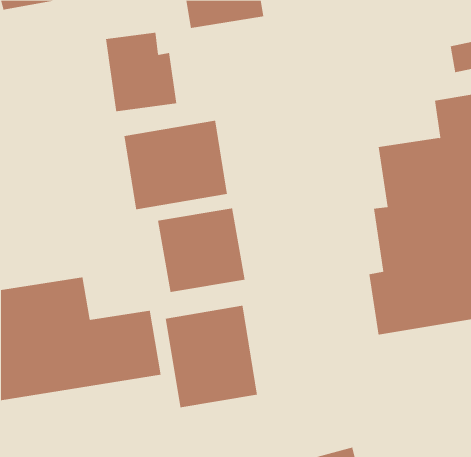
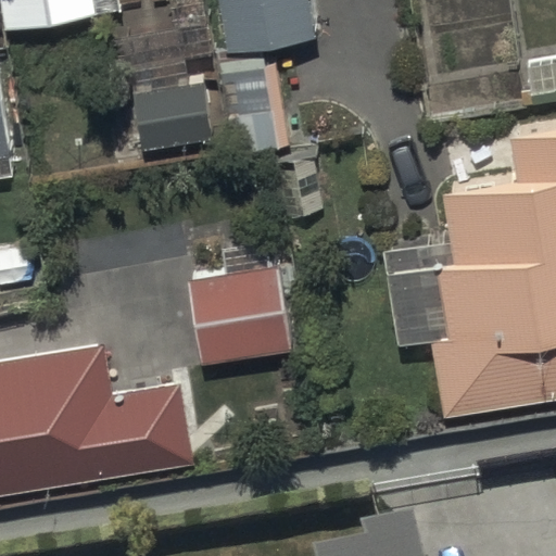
building: [124,120,227,210] -> none
building: [165,305,258,408] -> none

